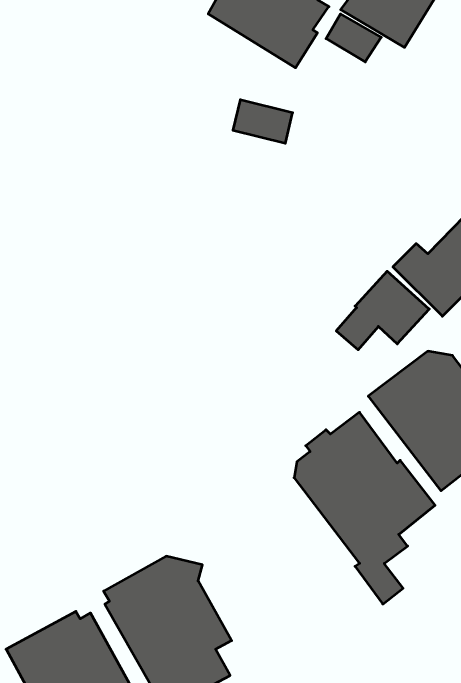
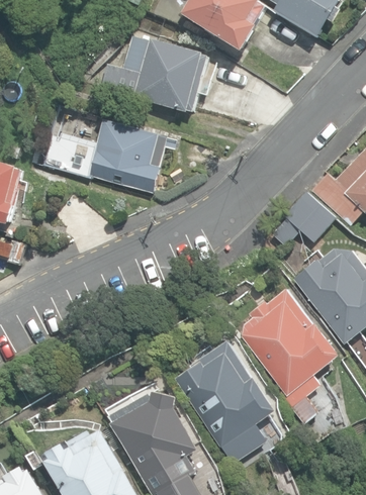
building: none -> [99,37,205,113]
building: none -> [41,120,167,193]
building: none -> [173,340,275,465]

